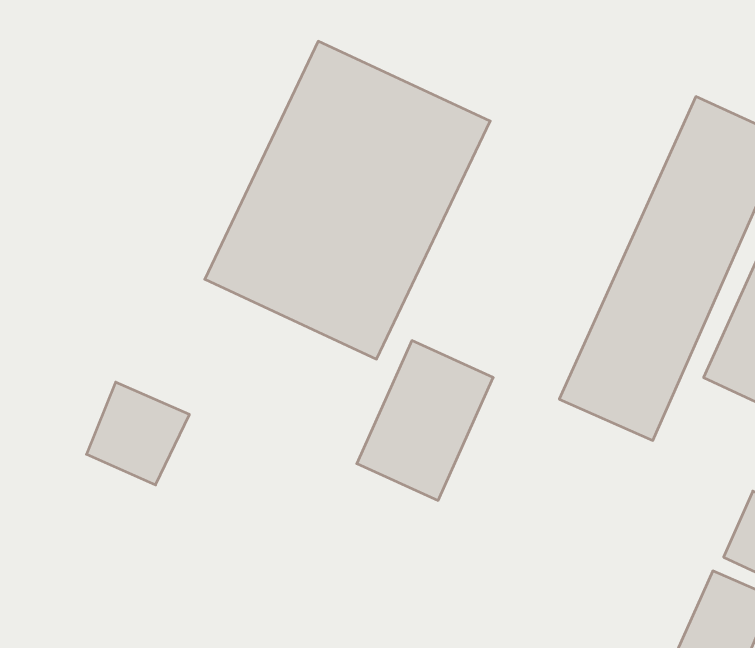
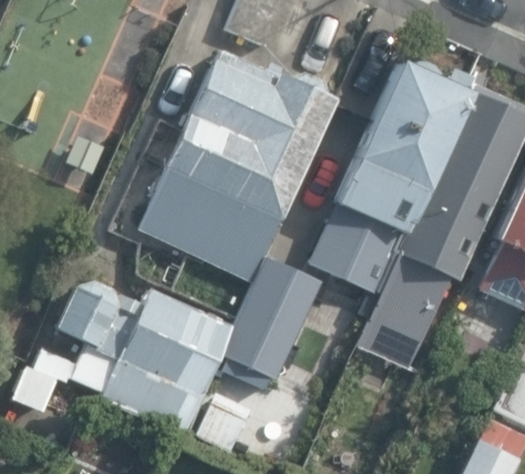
building: none -> [338,65,469,299]
building: none -> [96,281,242,440]

